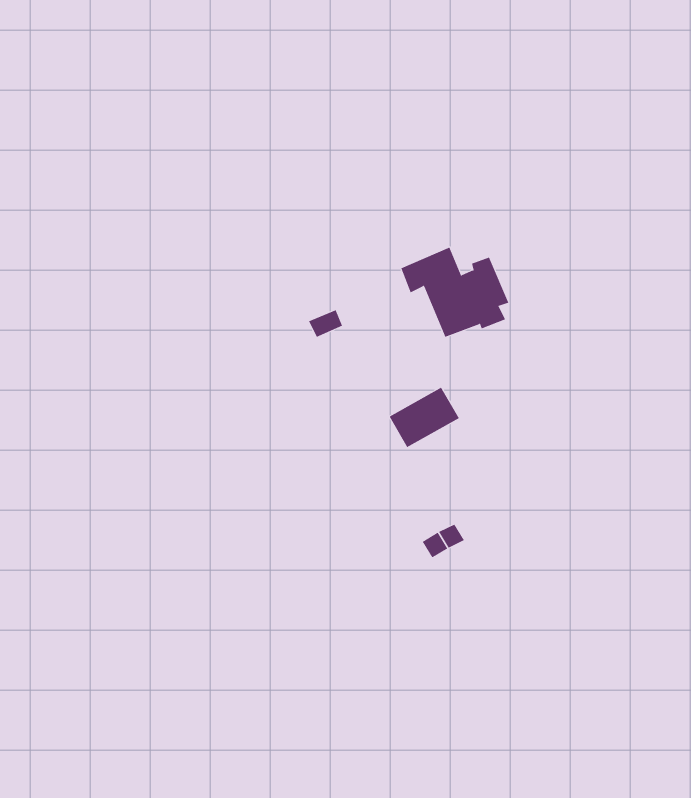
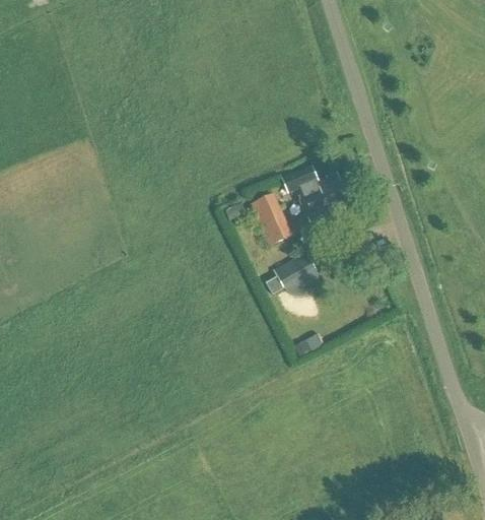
building: none -> [253,194,291,243]

